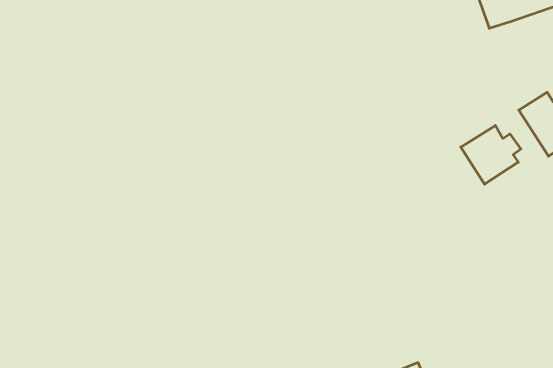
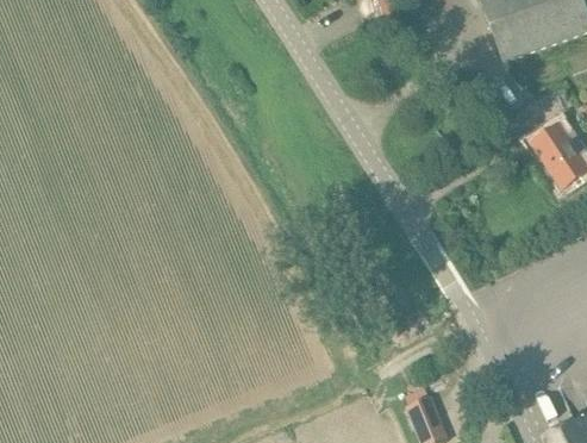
building: [461,125,521,184] -> none

